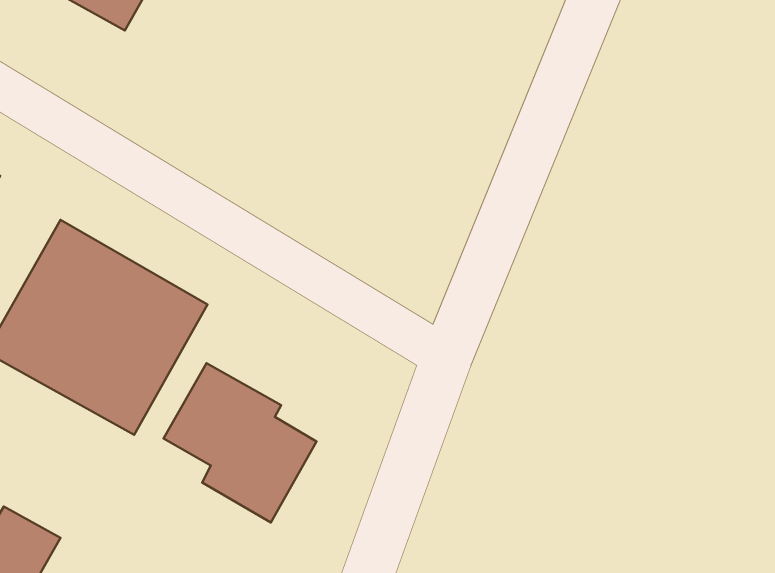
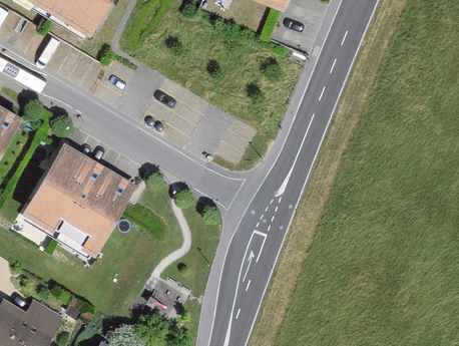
building: [164,363,316,523] -> none

